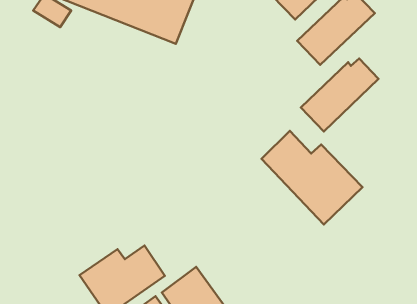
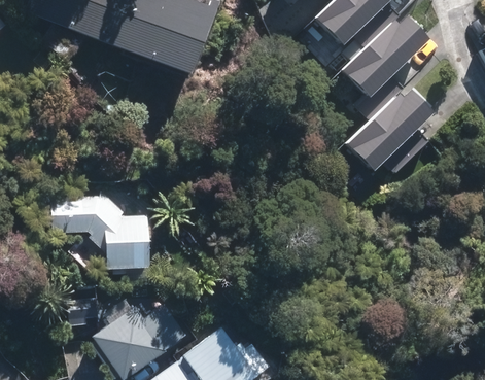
building: [261,131,363,225] -> none
building: none -> [51,194,155,268]

